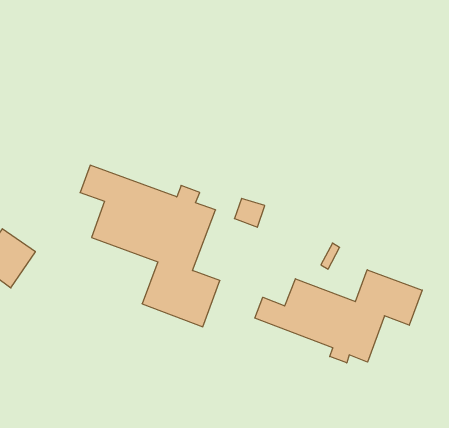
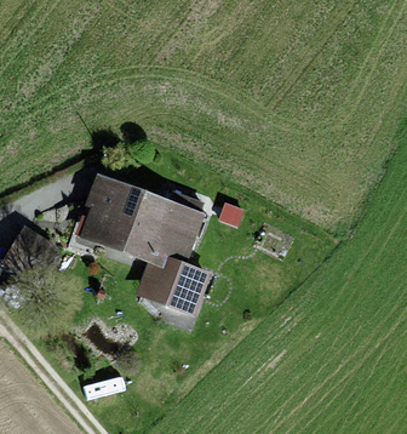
building: [255,270,422,363] -> none

